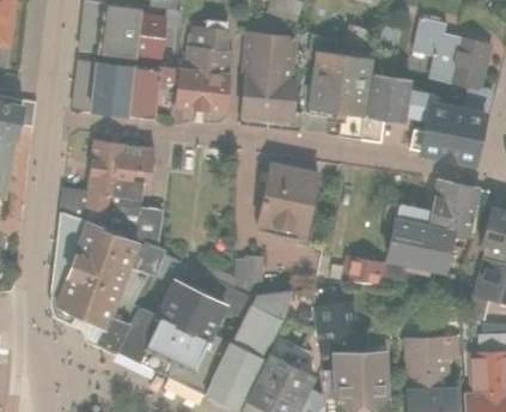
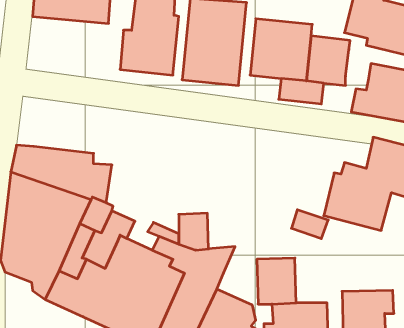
building: [74,61,161,117] -> none
building: [407,86,441,116] -> none
building: [83,134,156,194] -> none
building: [255,162,318,237] -> none

